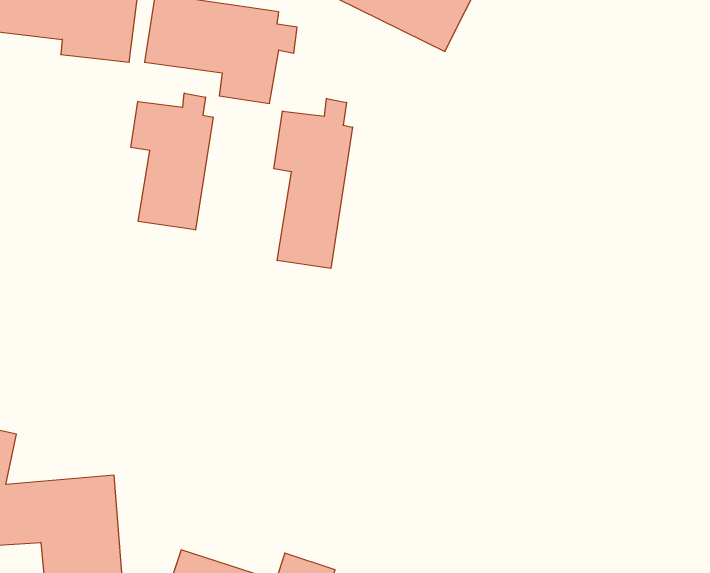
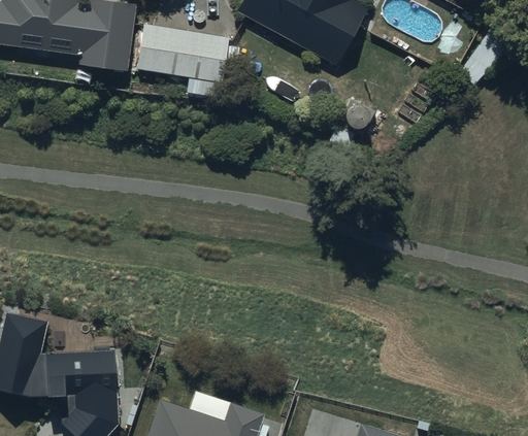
building: [131,93,213,230] -> none
building: [274,98,353,268] -> none

